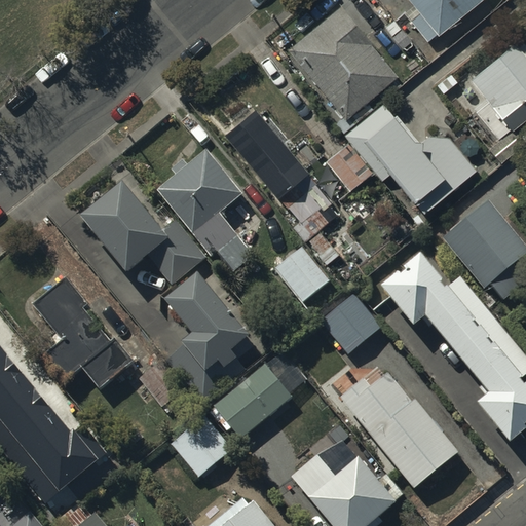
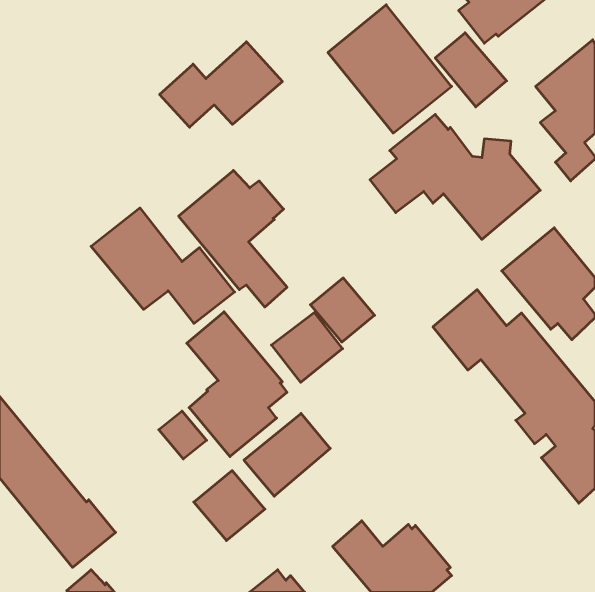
building: none -> [435,33,507,107]
building: none -> [160,42,282,127]
building: [225,108,333,237] -> none
building: [33,276,134,387] -> none
building: [320,292,382,353] -> [271,312,343,382]
building: [339,372,456,487] -> none

